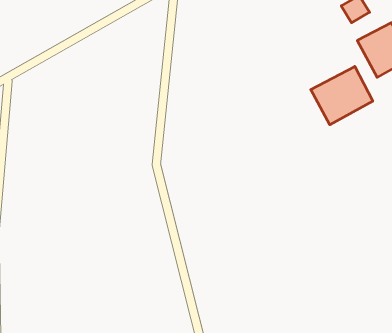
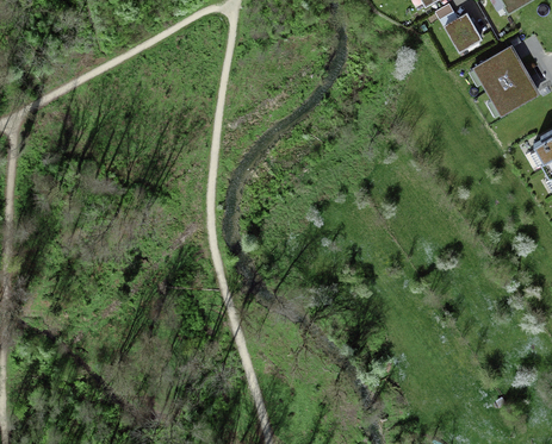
building: [311,66,373,125] -> none

